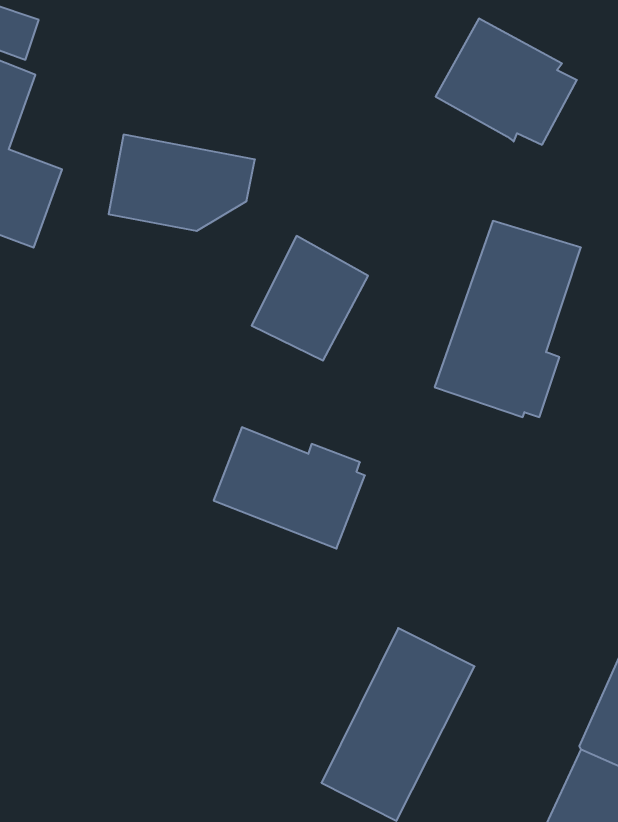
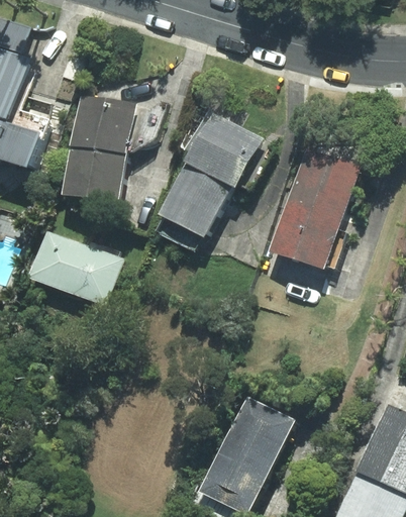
building: [436,19,577,145] -> [186,111,272,188]
building: none -> [63,145,125,201]
building: [214,427,365,549] -> [29,231,121,305]

